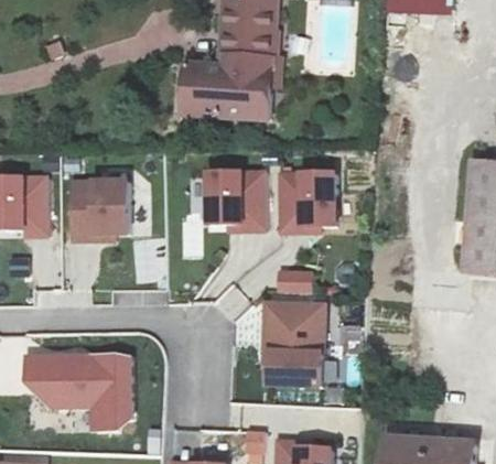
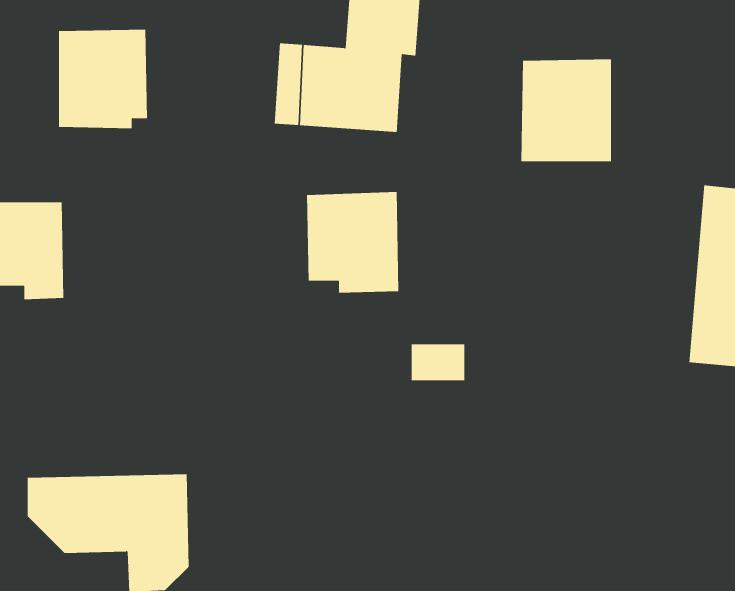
building: [280,168,339,235] -> [521,59,612,162]
building: [71,176,129,241] -> [58,29,148,129]
building: [261,298,328,390] -> none

